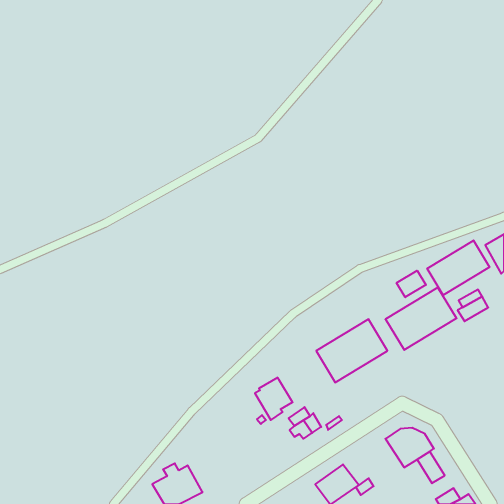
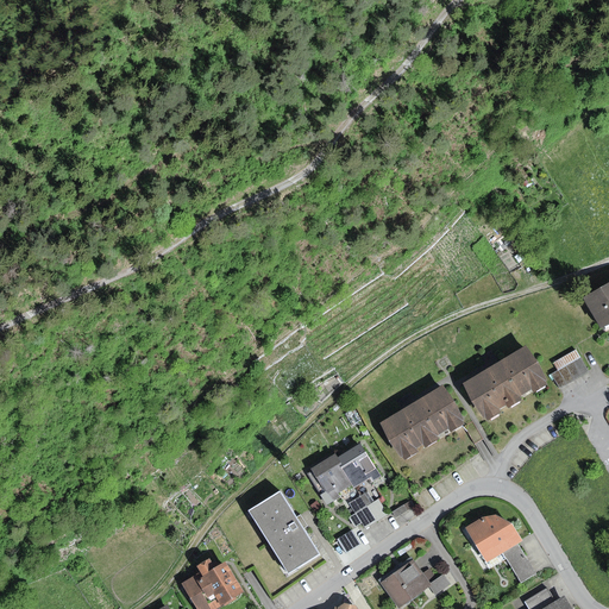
building: [427,240,489,295] -> none
building: [397,271,426,297] -> none
building: none -> [335,442,381,486]
building: none -> [249,491,319,573]

